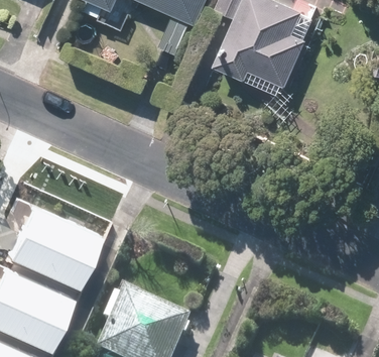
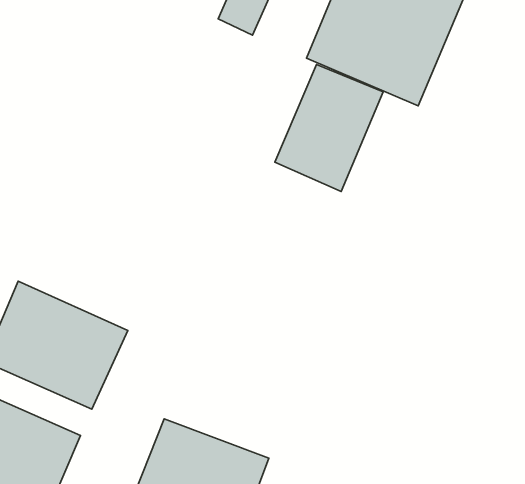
building: none -> [275,64,383,191]

